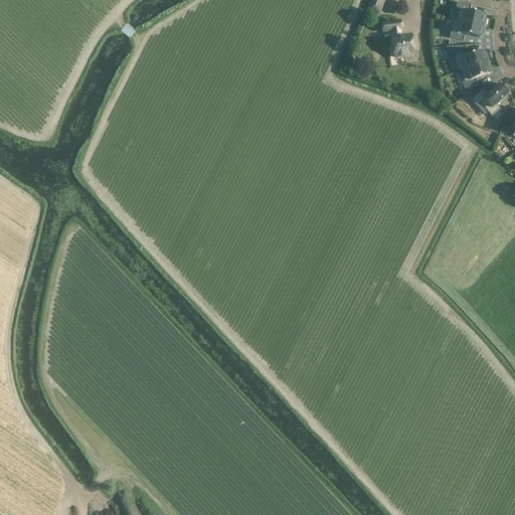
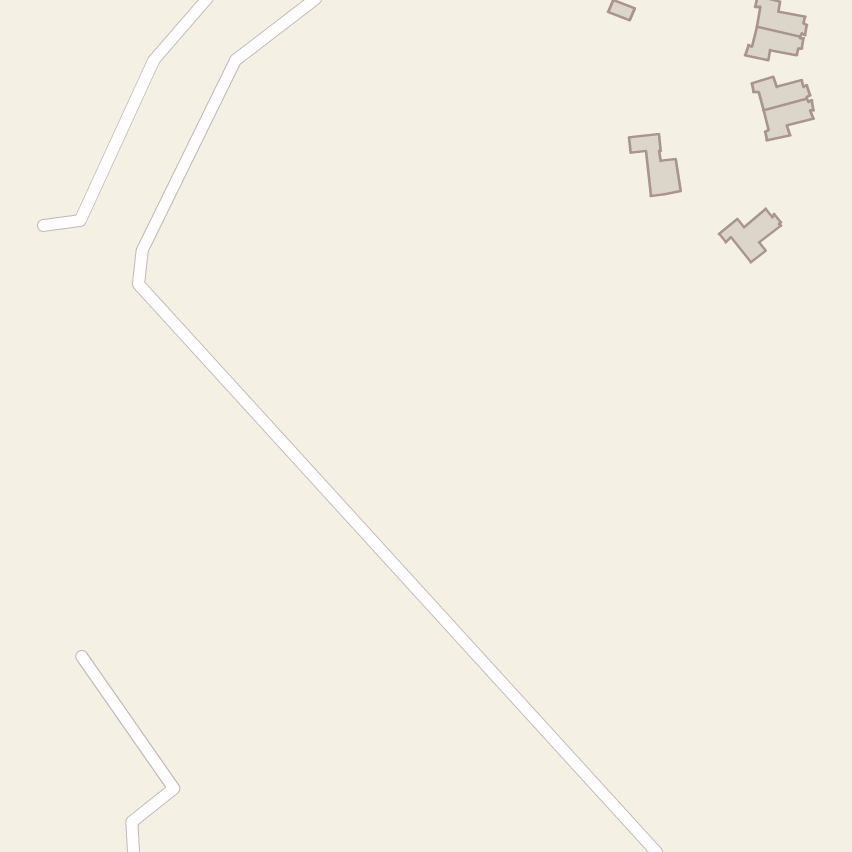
building: [381,20,412,57] -> [629,134,681,196]
building: [469,82,506,115] -> [719,209,781,262]

